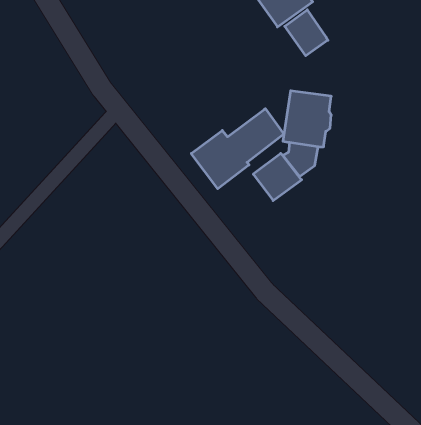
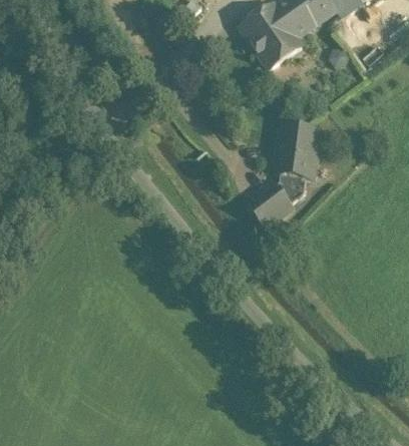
building: [285,10,328,56] -> none
building: [191,109,284,189] -> none

